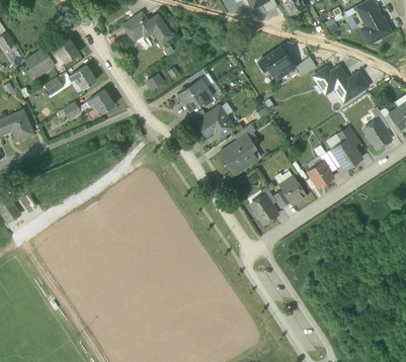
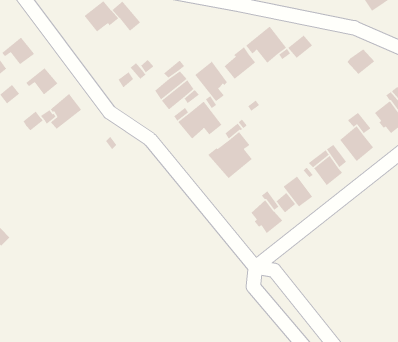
building: none -> [223,46,256,80]
building: [314,68,353,102] -> none
building: none -> [194,60,228,102]

